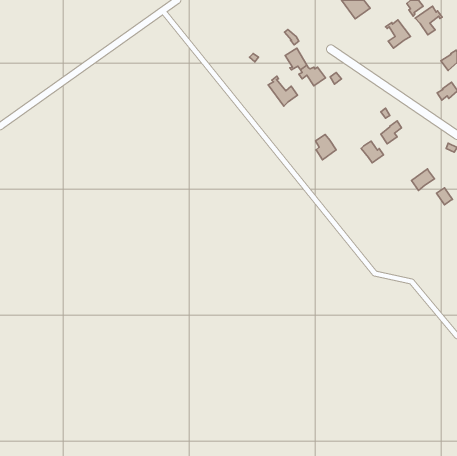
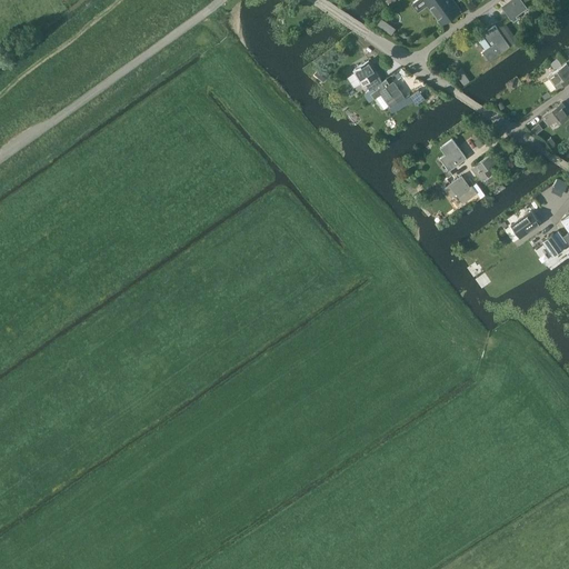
building: [415,6,442,35] -> none
building: [268,76,298,106] -> none
building: [315,135,336,160] -> [440,140,466,171]

